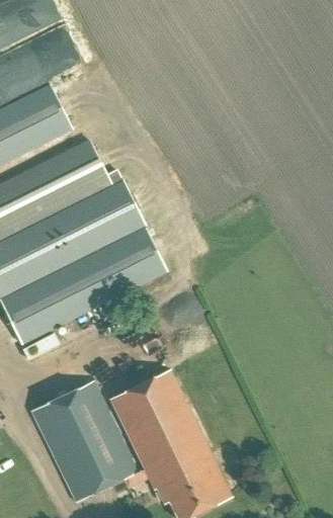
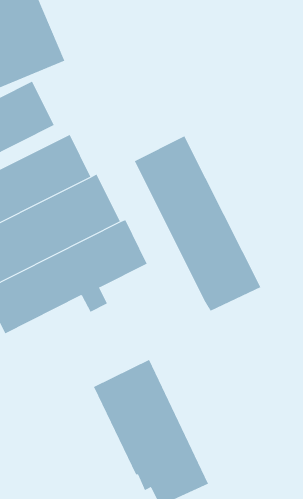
building: none -> [134,135,261,311]
building: [32,378,139,500] -> none

